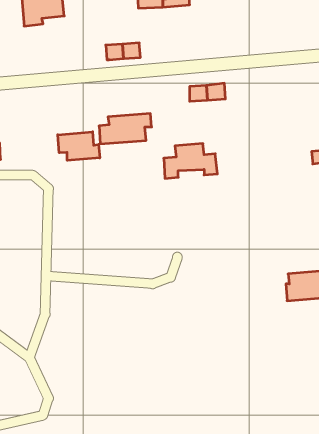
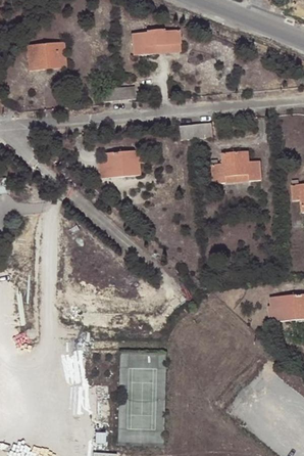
building: [58,132,100,160] -> none
building: [164,144,217,178] -> [212,151,261,183]

